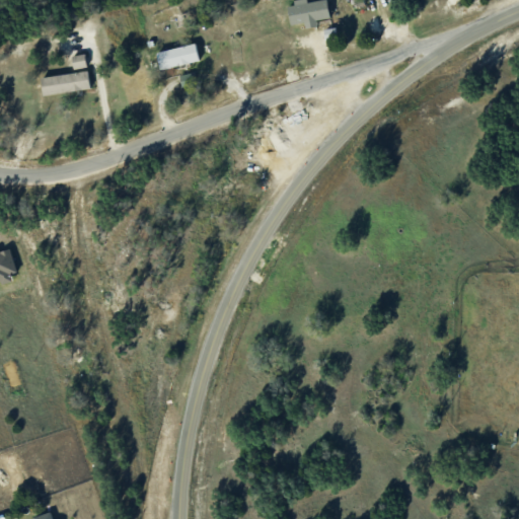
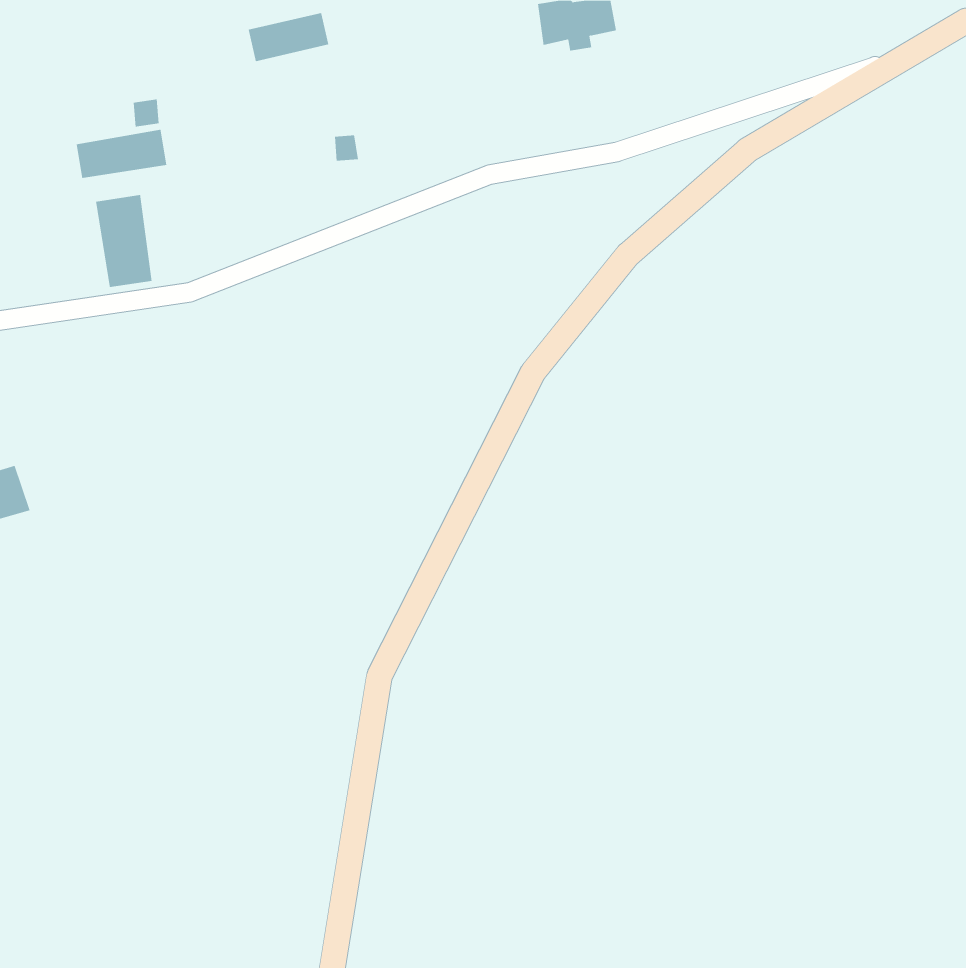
building: [155,44,199,70] -> [248,12,329,62]
building: none -> [96,194,152,288]

